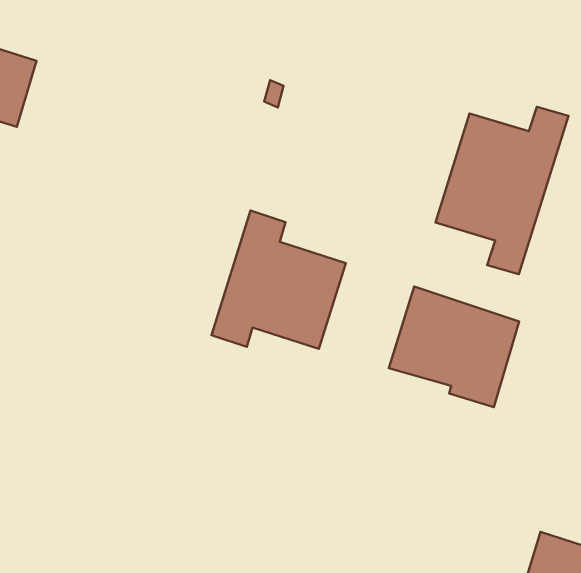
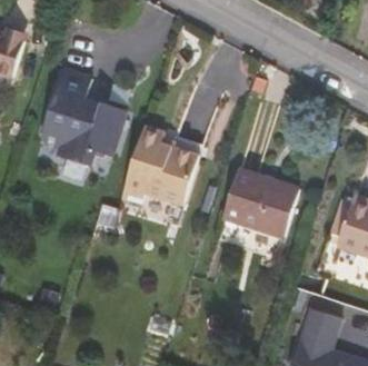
building: [436,107,569,274] -> none
building: none -> [41,69,126,166]

